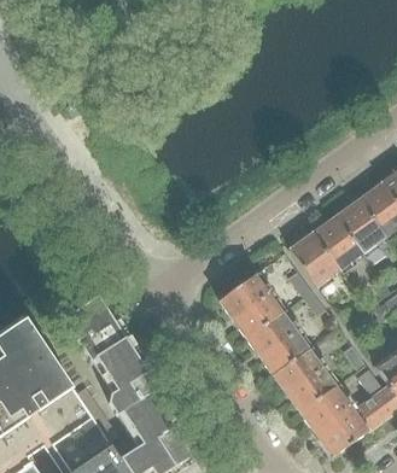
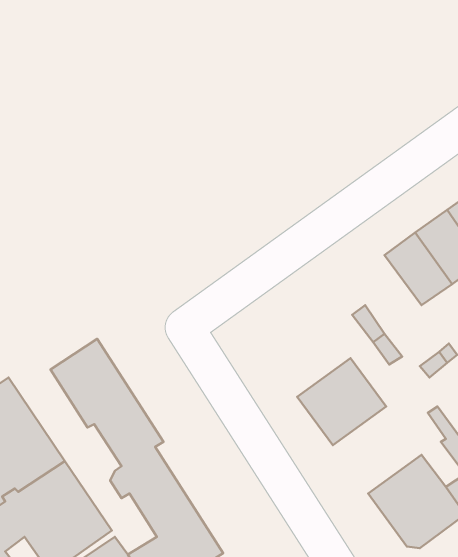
building: [290,233,340,288] -> none
building: [224,271,287,339] -> none
building: [274,346,340,411] -> none

